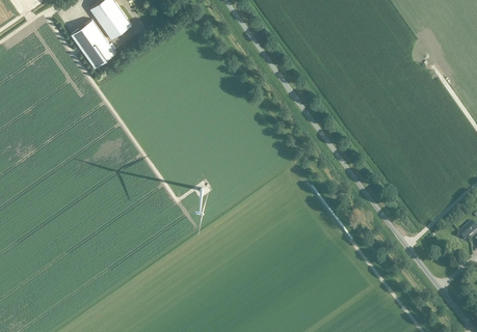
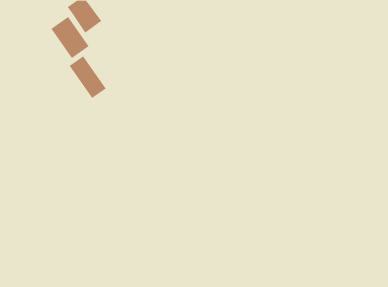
building: none -> [69,55,106,99]

